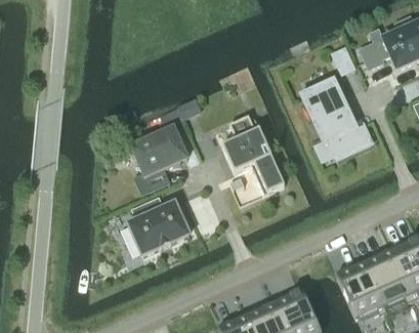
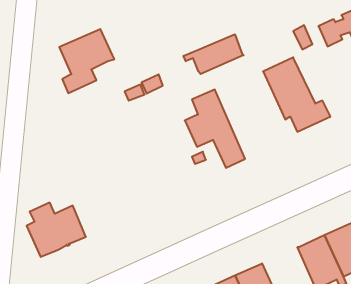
building: none -> [183,34,244,74]
building: [131,127,187,193] -> [59,29,114,93]
building: [128,199,188,254] -> [27,203,86,257]

